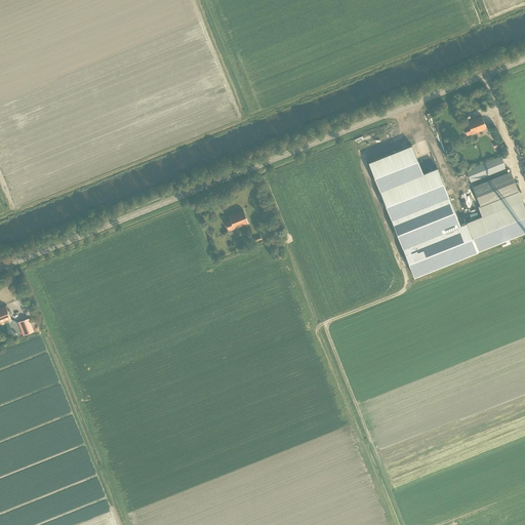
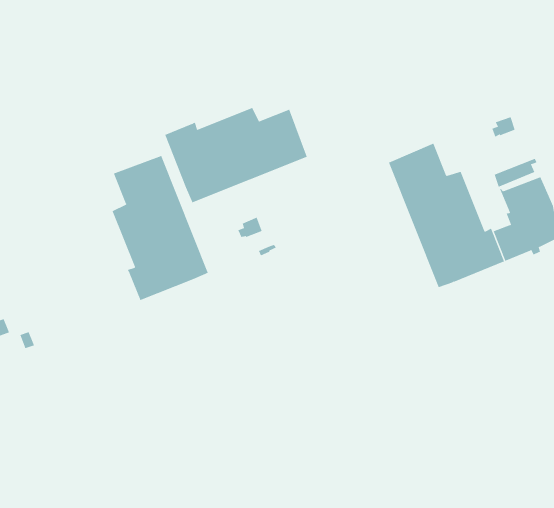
building: none -> [164,107,308,203]
building: none -> [112,155,208,301]

